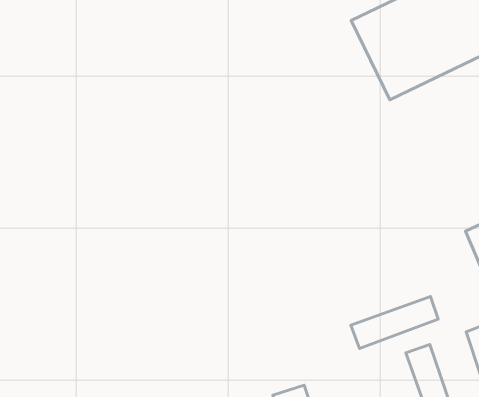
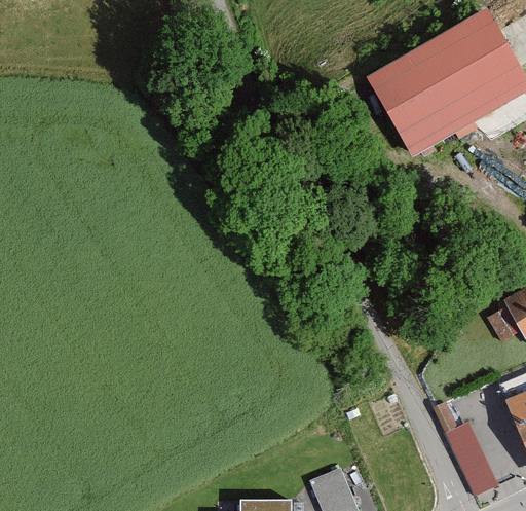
building: [351,297,438,348] -> none

